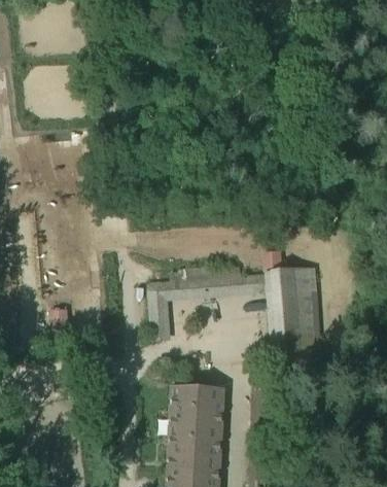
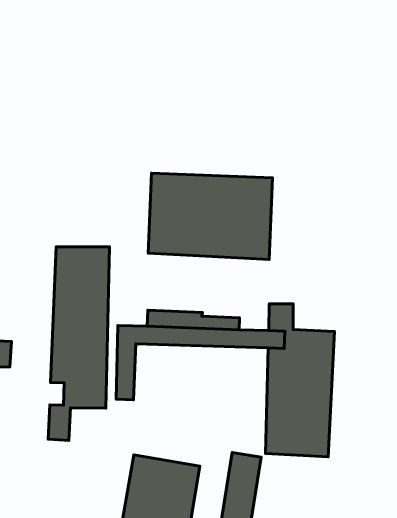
building: none -> [148,173,272,259]
building: none -> [48,247,110,441]

